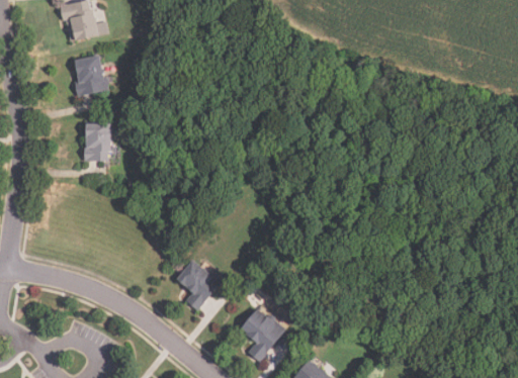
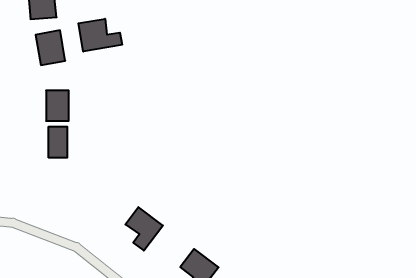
building: none -> [78,19,122,52]
building: none -> [49,127,67,158]

